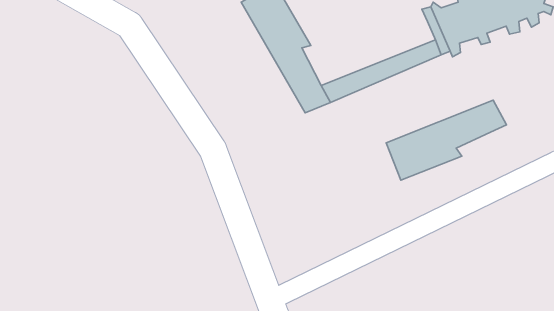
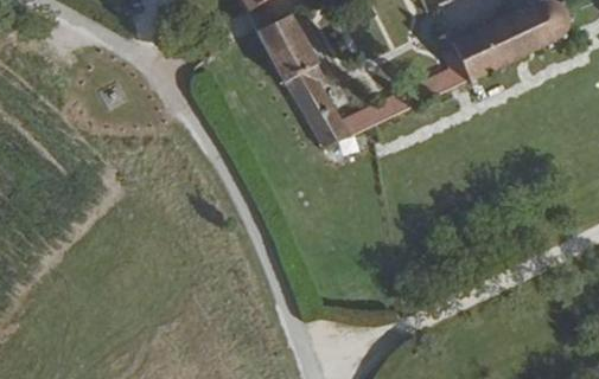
building: [386,100,507,180] -> none

